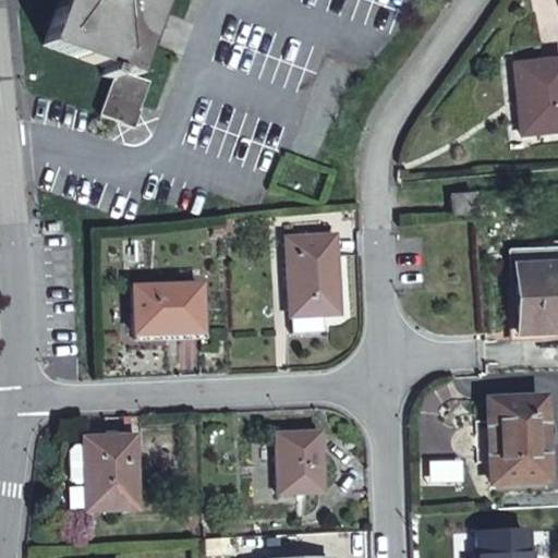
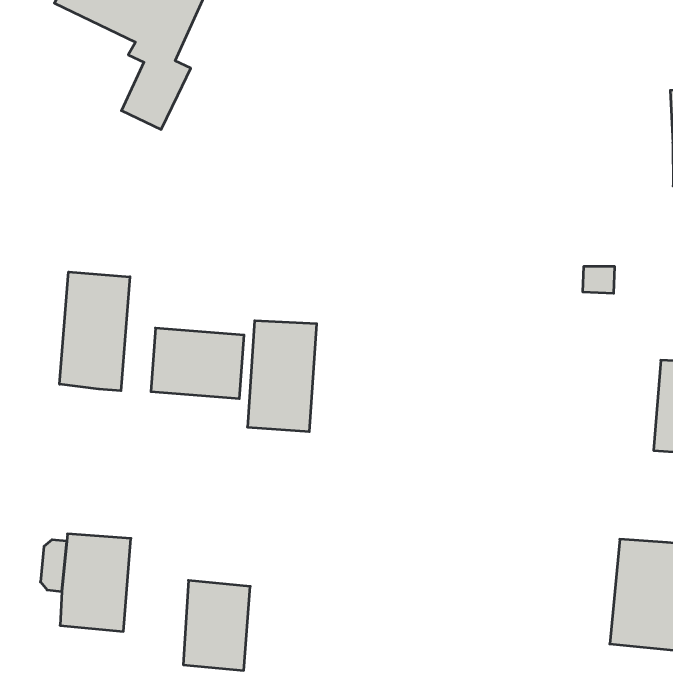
building: [290,228,338,308] -> [247,321,317,432]
building: none -> [60,272,130,391]
building: [278,430,325,493] -> [183,580,250,670]

